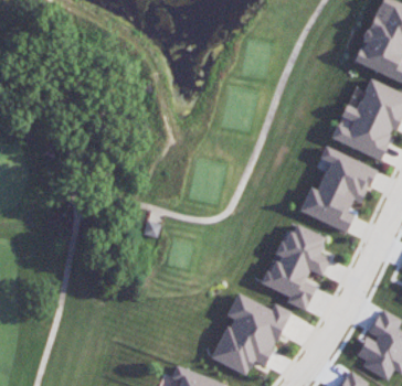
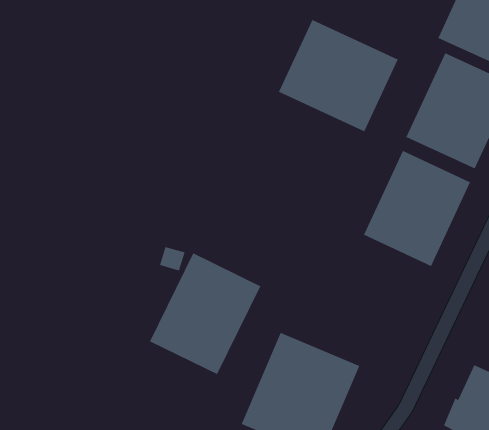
building: none -> [278,19,398,132]
building: [254,219,339,312] -> [149,253,261,375]

